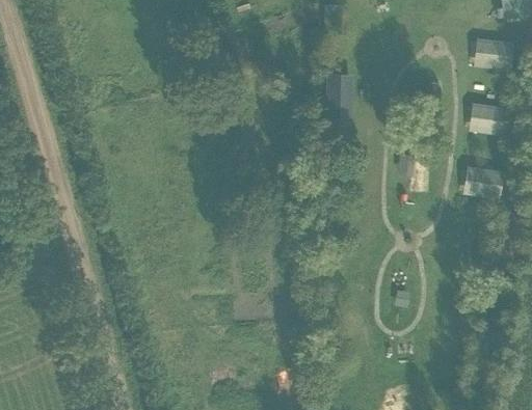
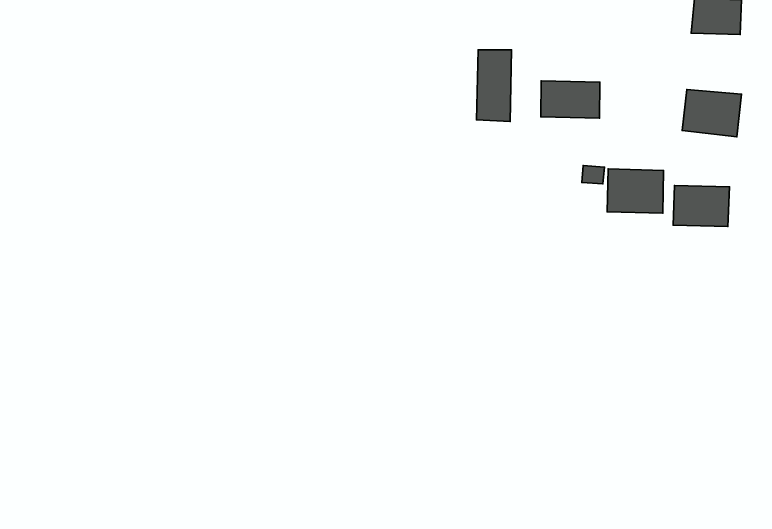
building: none -> [541,81,600,118]
building: none -> [607,169,664,213]

